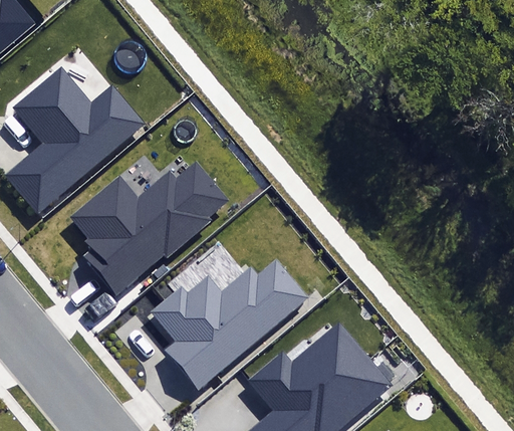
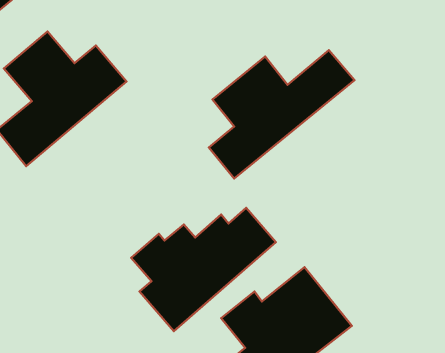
building: none -> [209,50,354,178]
building: [68,163,228,295] -> none

